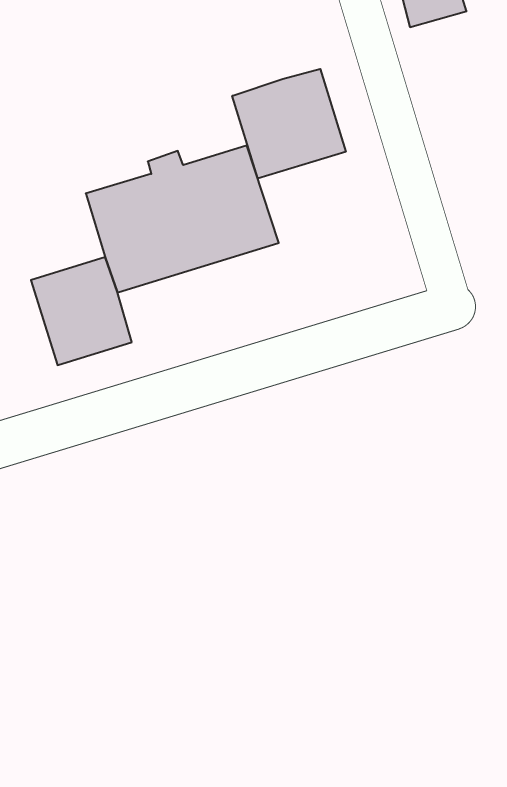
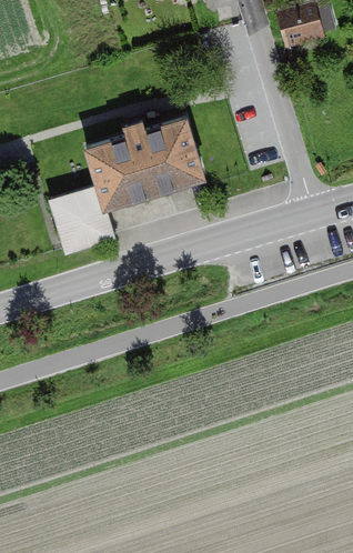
building: [232,69,346,179] -> none

